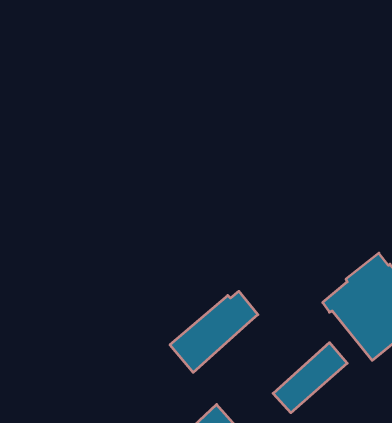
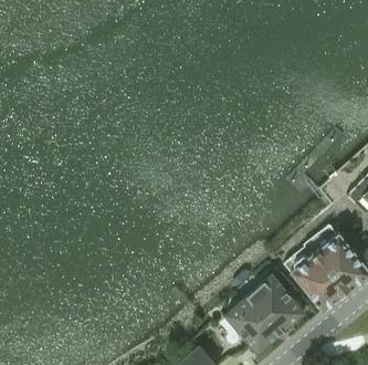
building: [170,291,258,372] -> [225,272,296,337]

